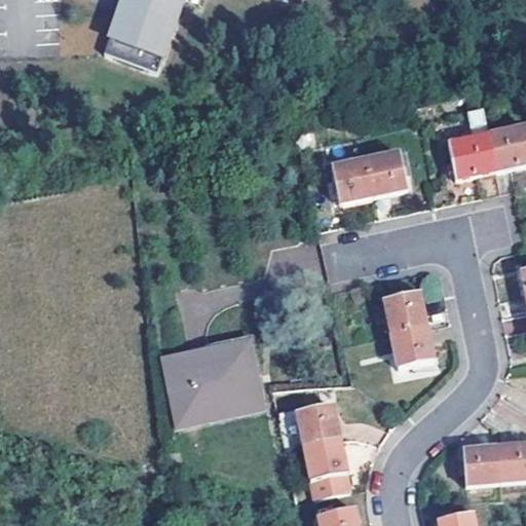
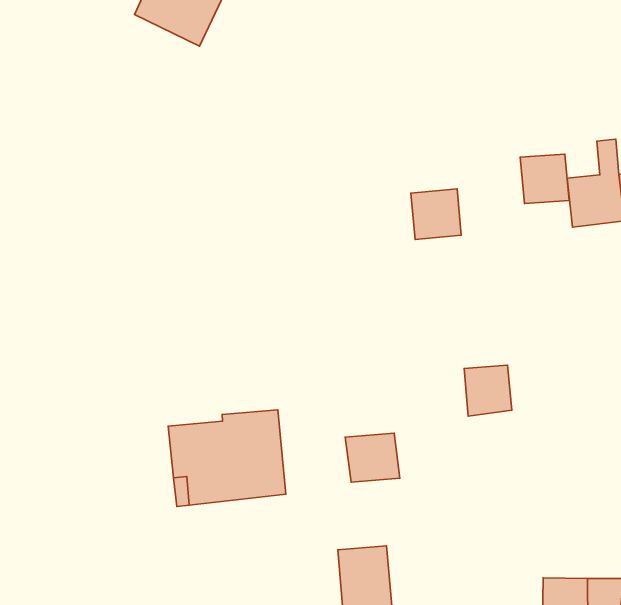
building: [365,152,406,193] -> [520,154,569,204]
building: [392,323,433,364] -> none
building: [296,403,341,444] -> [345,433,400,482]

